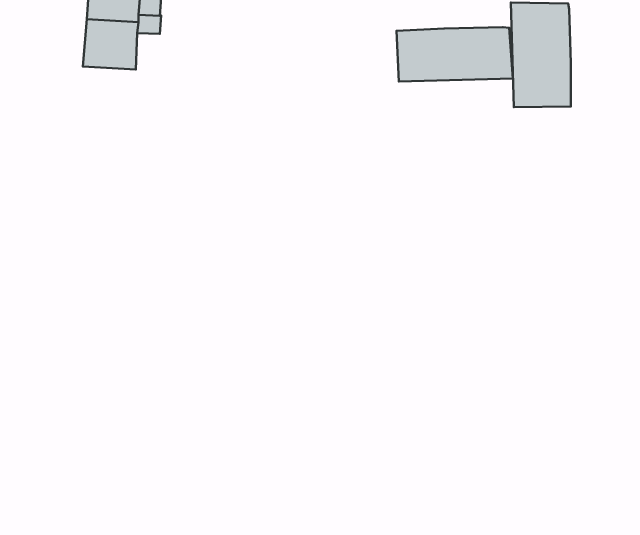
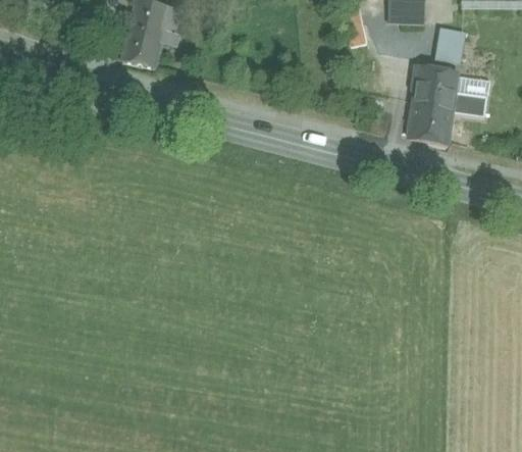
building: none -> [451,74,488,115]
building: [397,27,513,82] -> none

